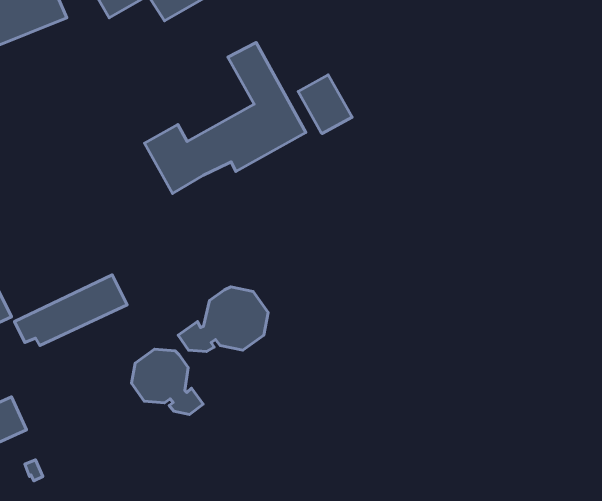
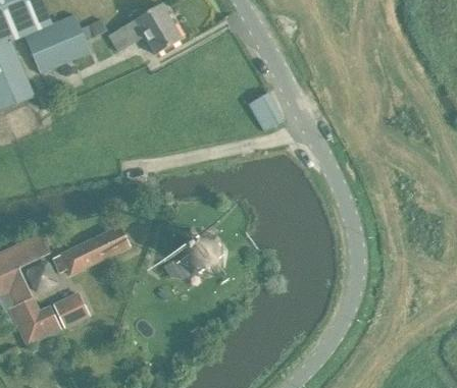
building: [144,43,306,193] -> none
building: [131,349,203,414] -> none
building: none -> [51,293,87,327]

